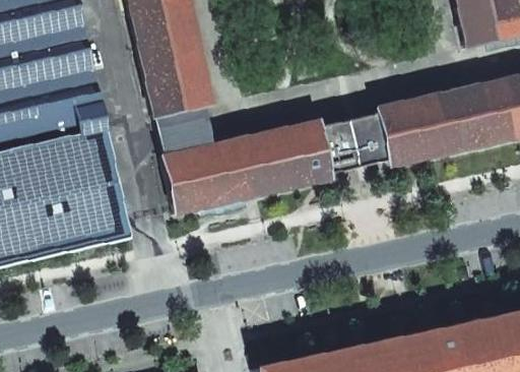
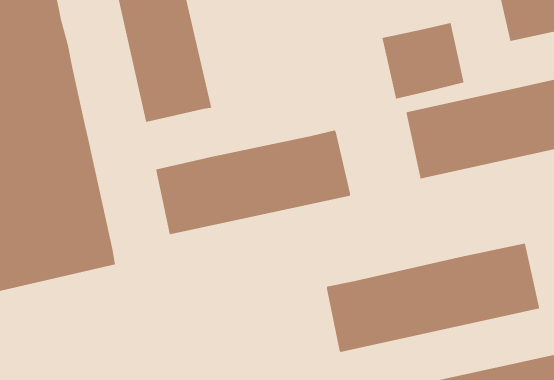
building: [155,105,212,156] -> none
building: [318,111,389,177] -> [381,22,464,99]
building: none -> [326,242,540,353]

